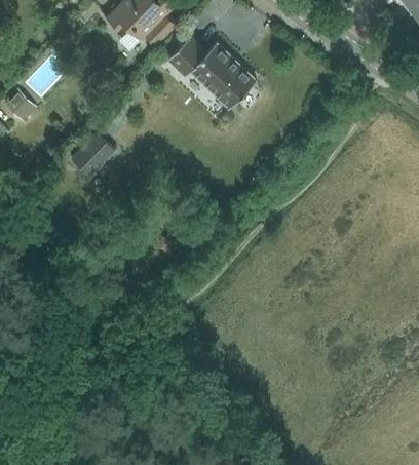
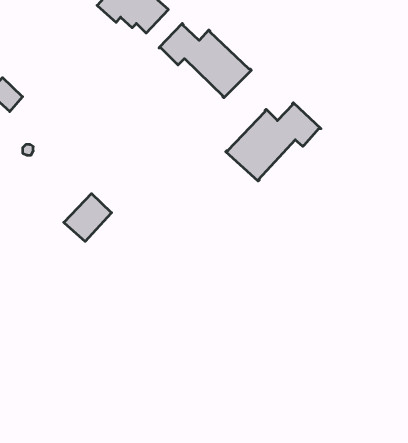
building: none -> [226,103,321,181]
building: [69,131,115,178] -> [64,194,112,241]

